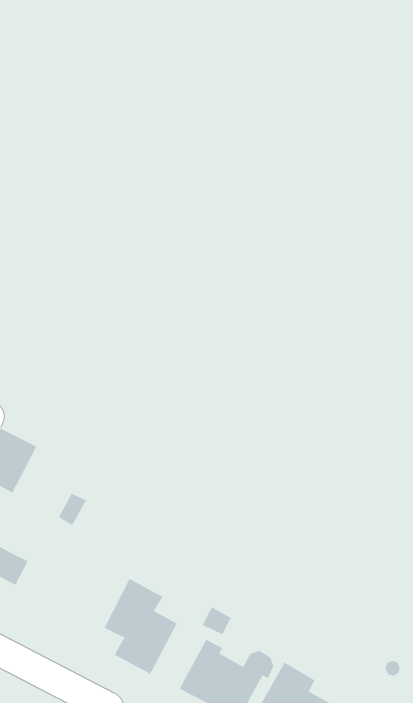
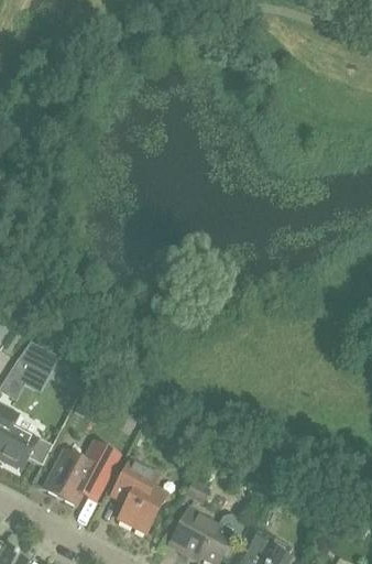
building: none -> [45,441,119,505]

